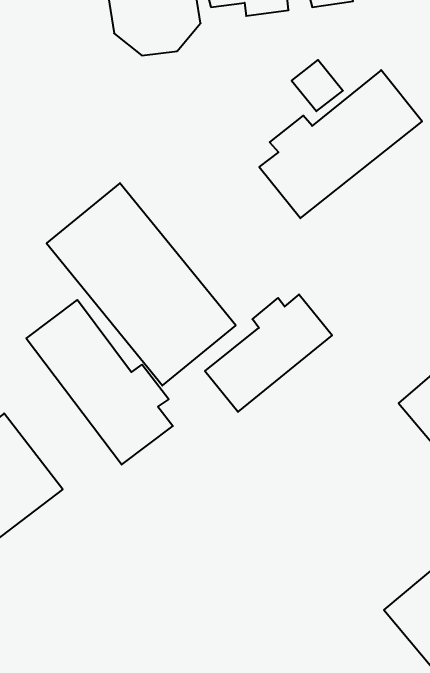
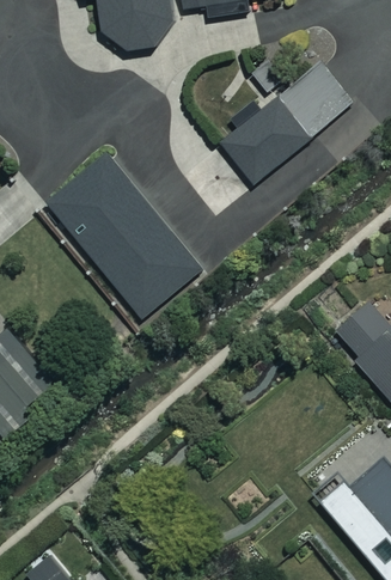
building: [205,294,332,412] -> none
building: [26,300,173,465] -> none

